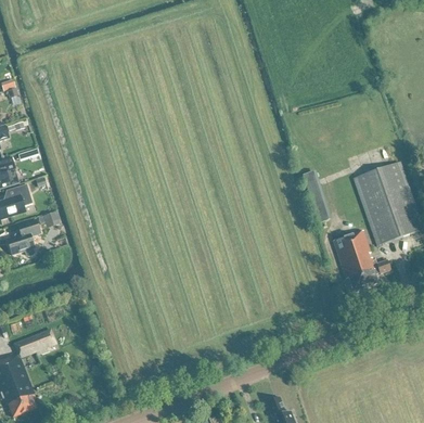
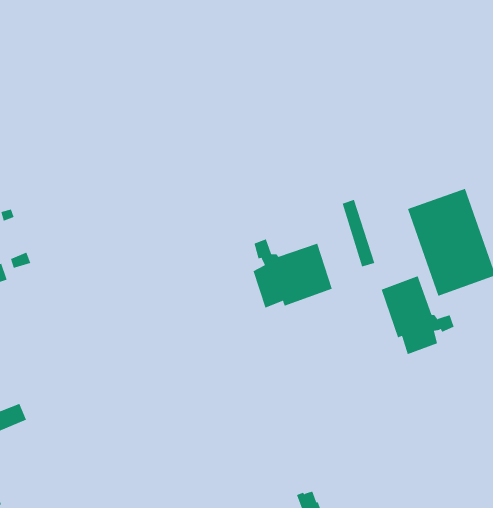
building: none -> [253,239,332,308]

